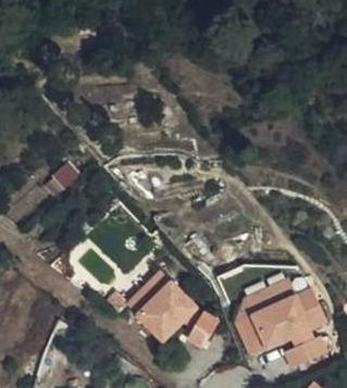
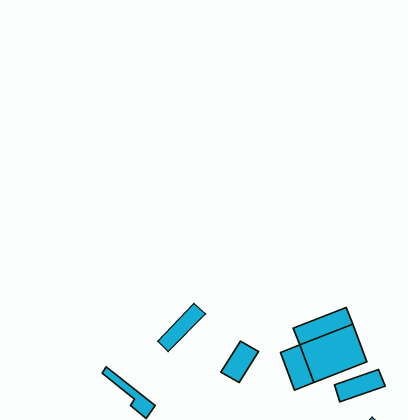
building: [142,289,190,338] -> none

